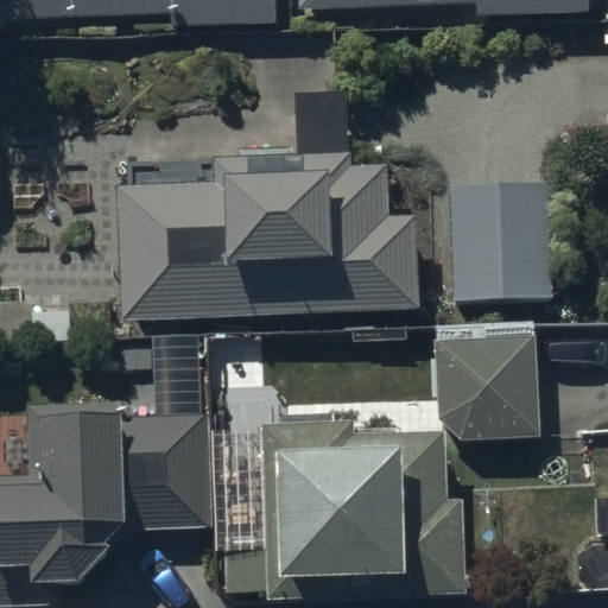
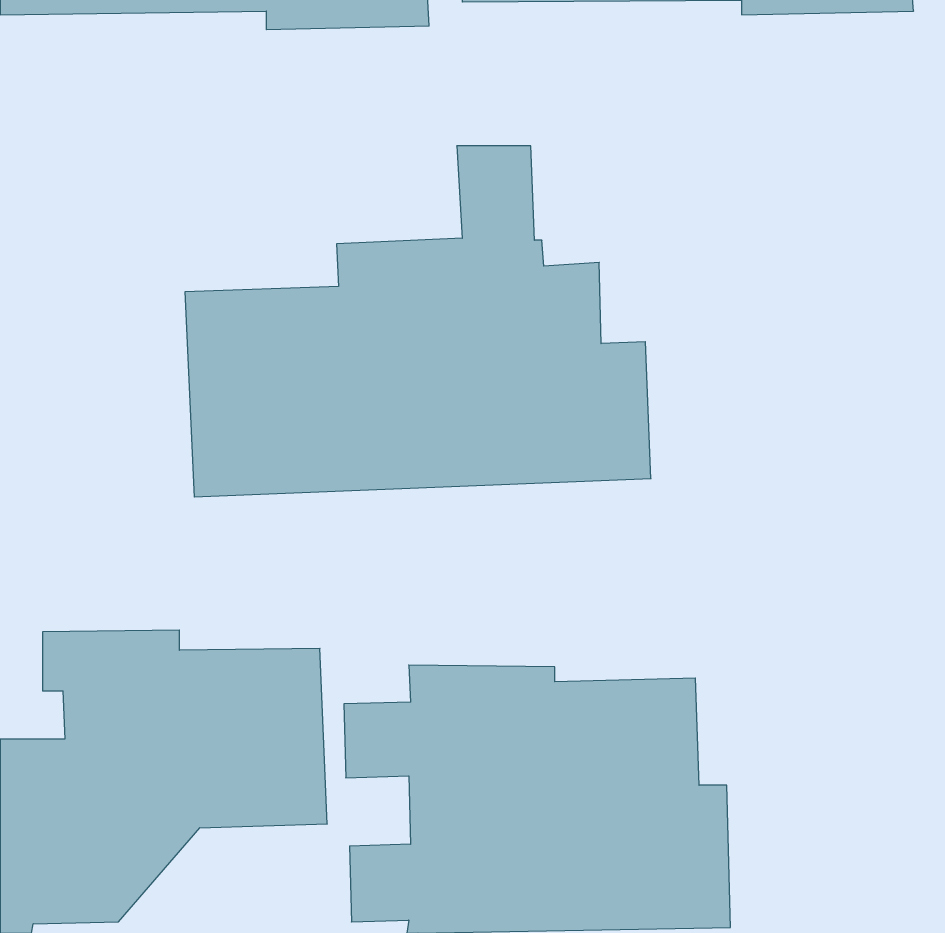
building: [449,182,555,300] -> none
building: [435,336,539,442] -> none

